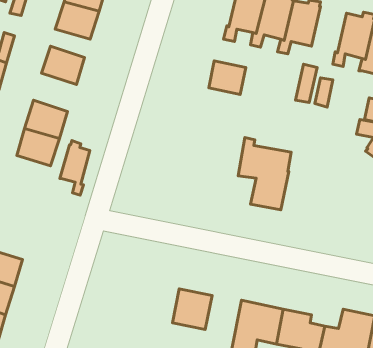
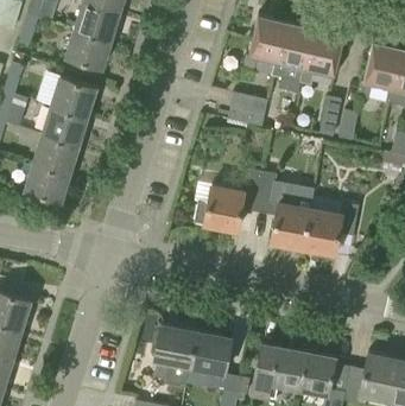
building: none -> [43,106,88,146]
building: none -> [194,170,265,233]
building: [60,141,90,195] -> none
building: none -> [303,203,357,255]
building: none -> [153,325,196,389]

